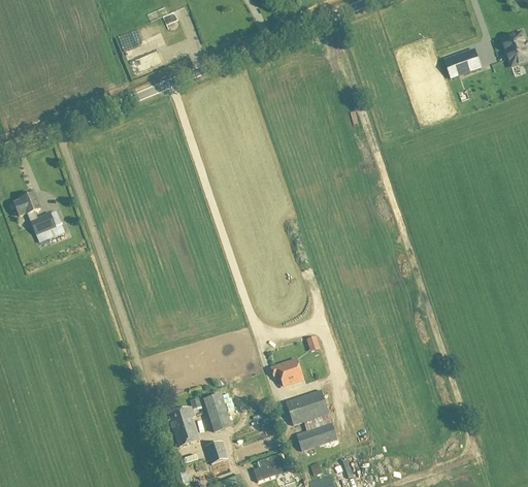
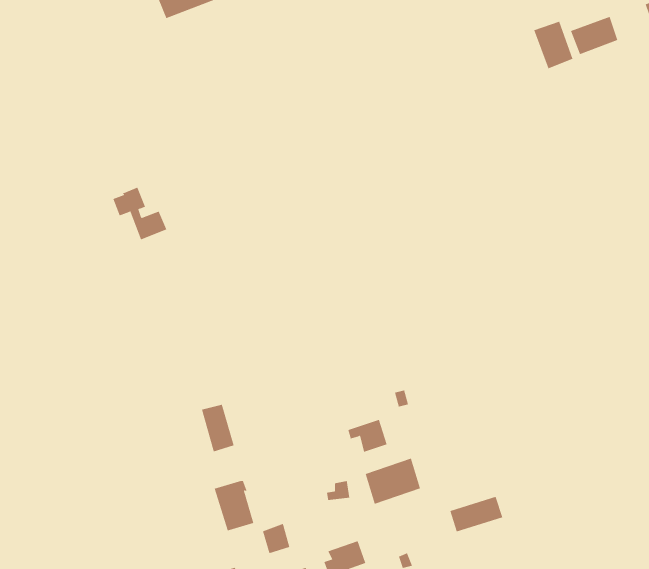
building: none -> [534,21,573,69]
building: [13,193,56,234] -> [113,187,167,240]
building: [204,394,230,431] -> [201,404,235,452]
building: [296,423,337,451] -> [450,496,503,532]

